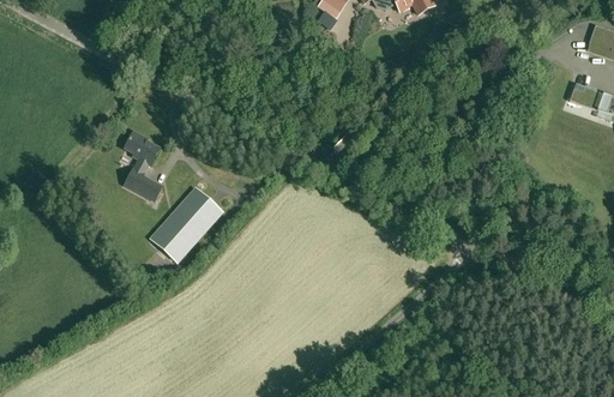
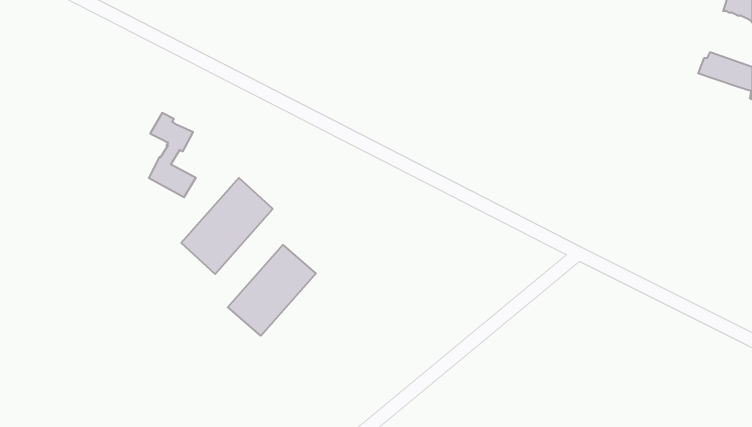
building: none -> [228,245,316,336]

